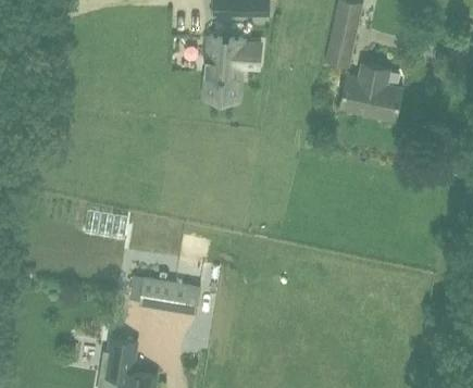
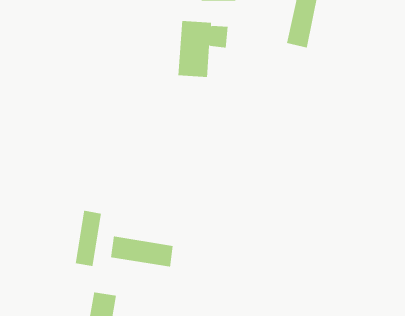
building: [341,63,403,120] -> none
building: none -> [75,210,101,267]

